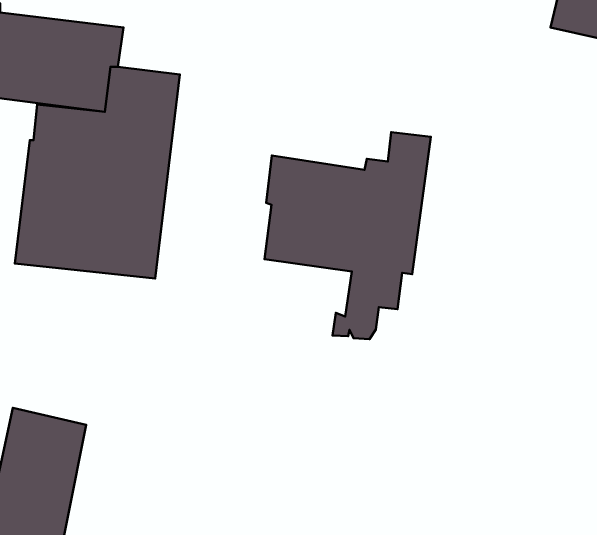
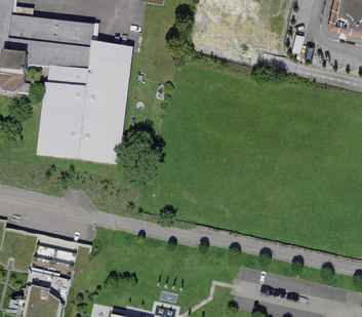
building: [264,132,431,339] -> none

